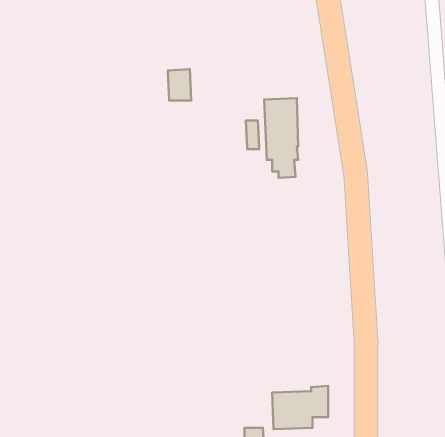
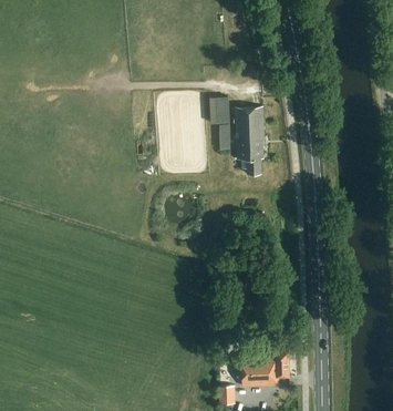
building: [168,69,191,100] -> [209,96,229,123]

